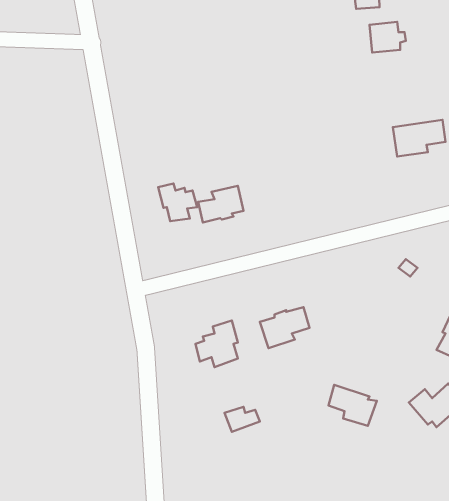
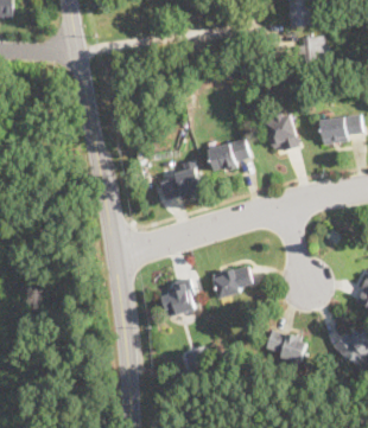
building: none -> [266,113,300,151]
building: none -> [208,139,250,172]
building: [158,184,197,221] -> none

